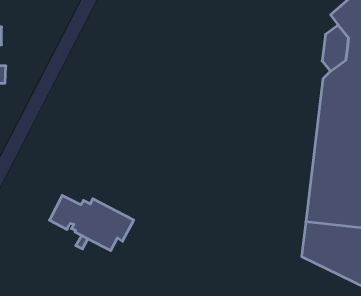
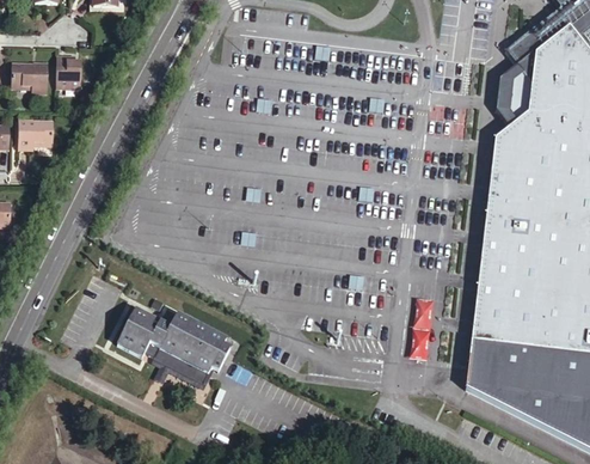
building: none -> [54,56,80,88]

